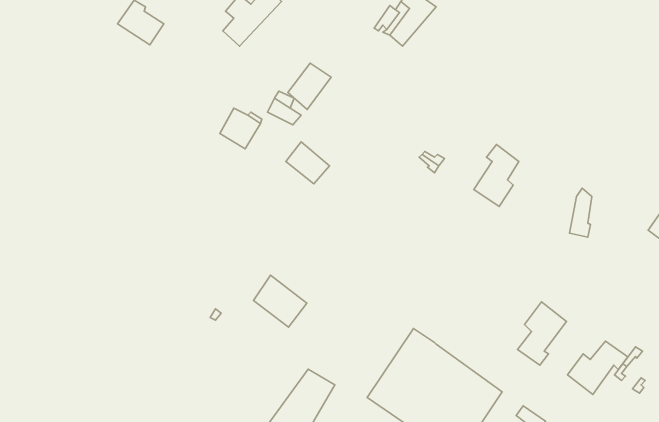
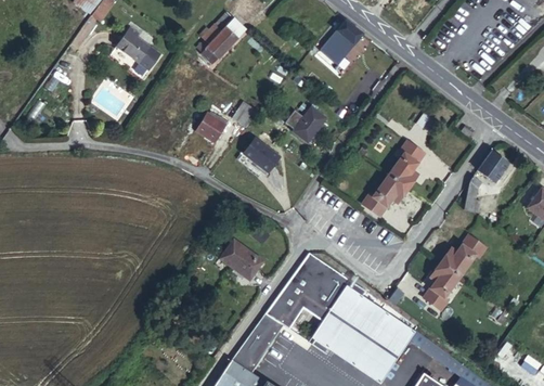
building: [288,63,331,109] -> [294,106,327,142]
building: none -> [480,151,510,181]
building: none -> [364,175,412,217]
building: none -> [264,253,363,339]
building: [568,341,628,395] -> [444,235,491,276]

